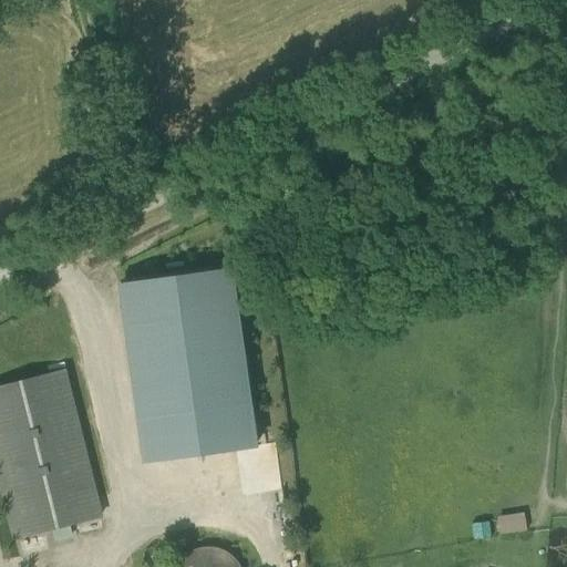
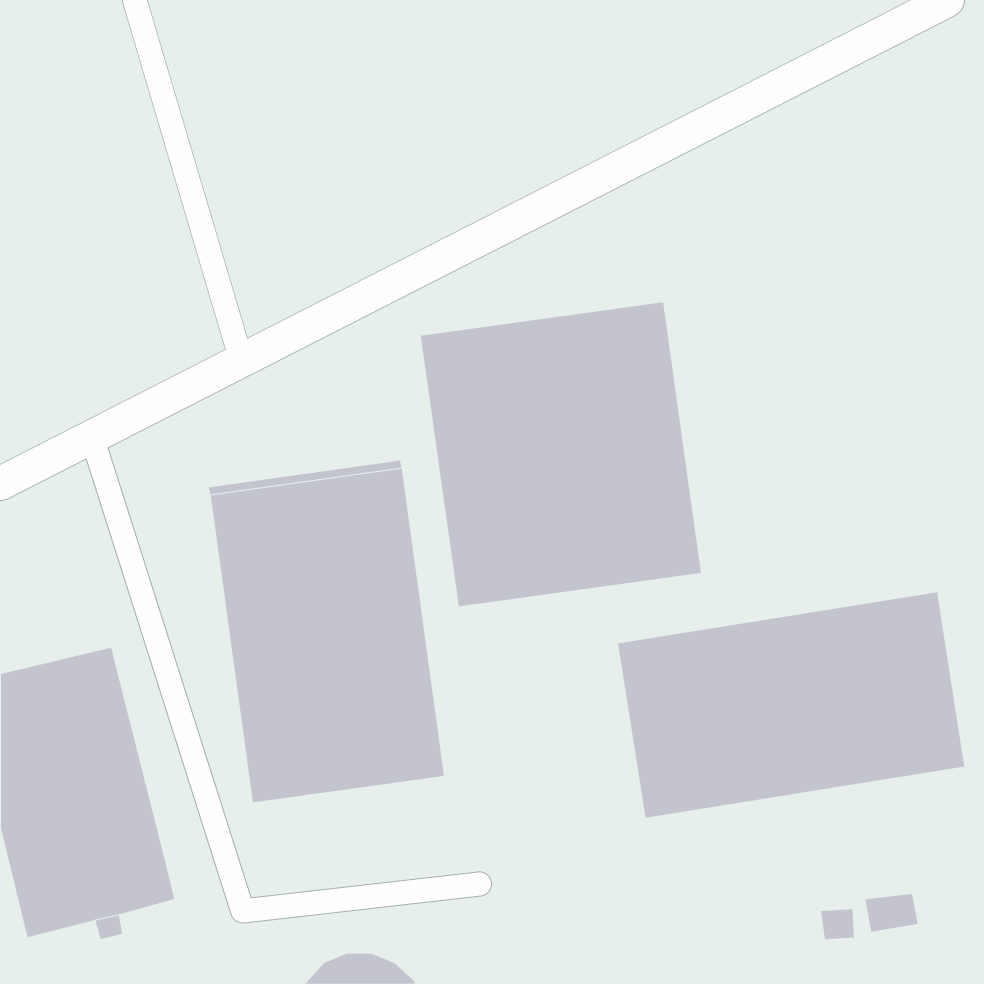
building: none -> [420,301,702,607]
building: none -> [618,592,965,818]

